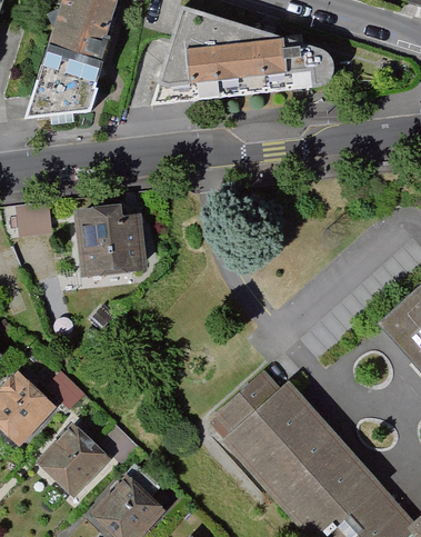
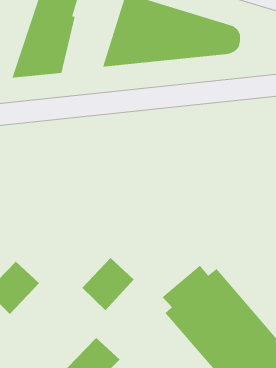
building: [13,202,48,231] -> none
building: [68,210,141,279] -> none
building: [40,418,111,490] -> [81,257,134,311]

